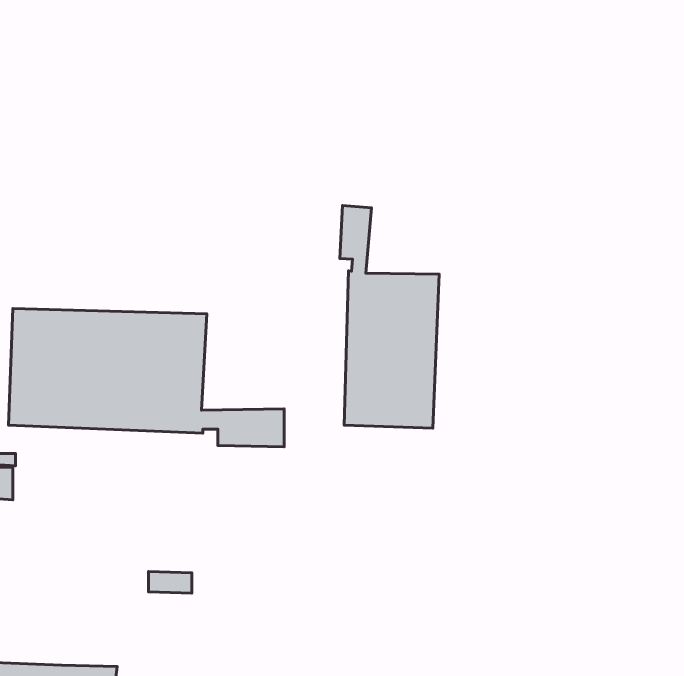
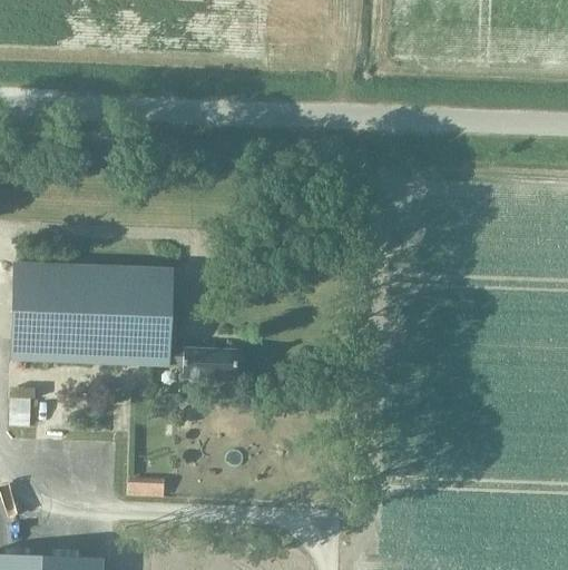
building: [340,206,439,428] -> none

